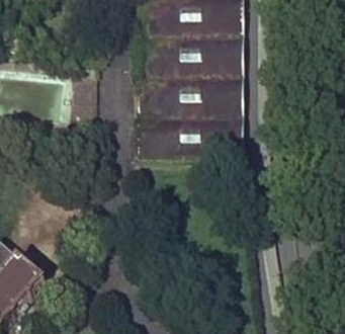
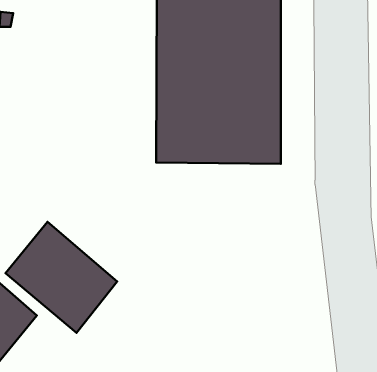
building: none -> [5,222,117,333]

